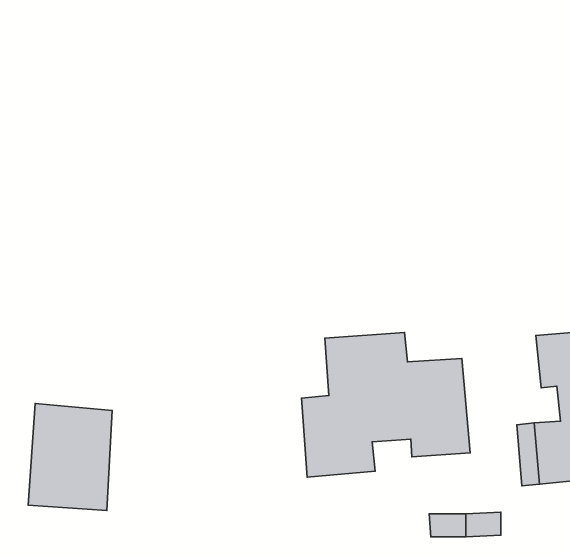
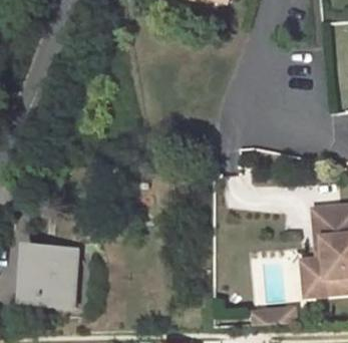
building: [302,332,470,477] -> none

